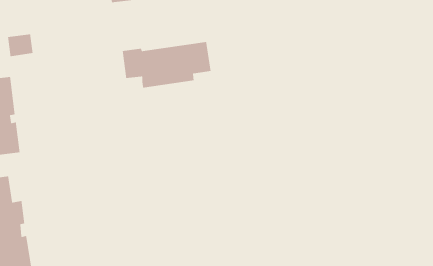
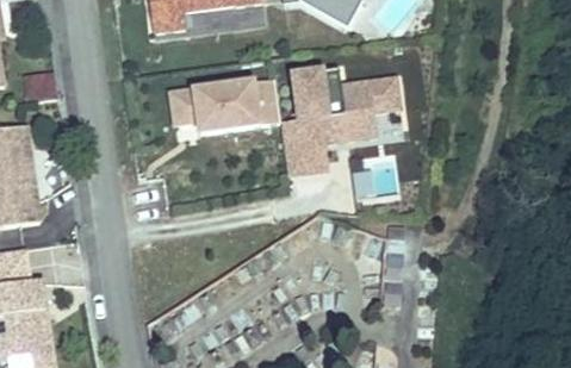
building: none -> [285,70,403,175]

